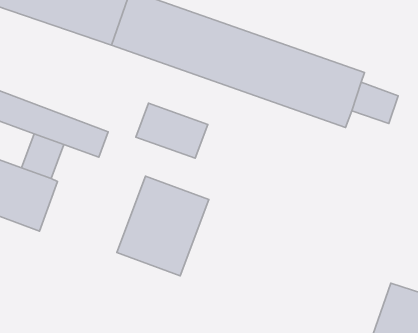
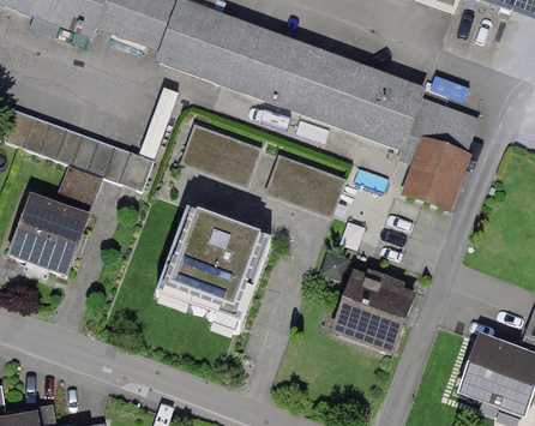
building: none -> [407,136,470,210]
building: none -> [268,156,353,216]
building: none -> [329,262,416,359]

